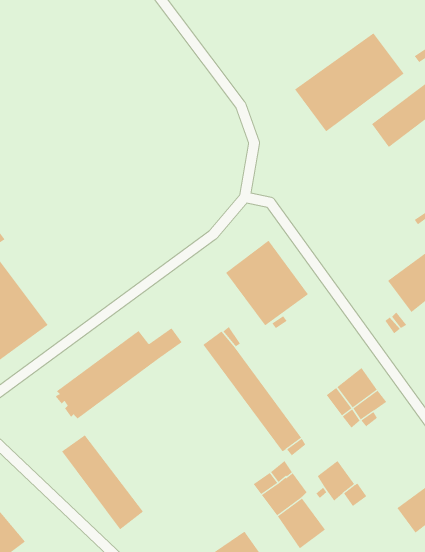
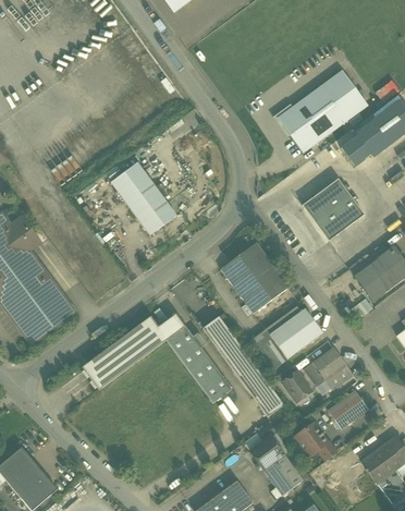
building: none -> [109,162,176,235]
building: none -> [302,179,364,241]
building: none -> [269,308,322,358]
building: none -> [282,372,310,402]
building: none -> [328,391,367,428]
building: [61,434,144,530] -> [165,326,233,404]

